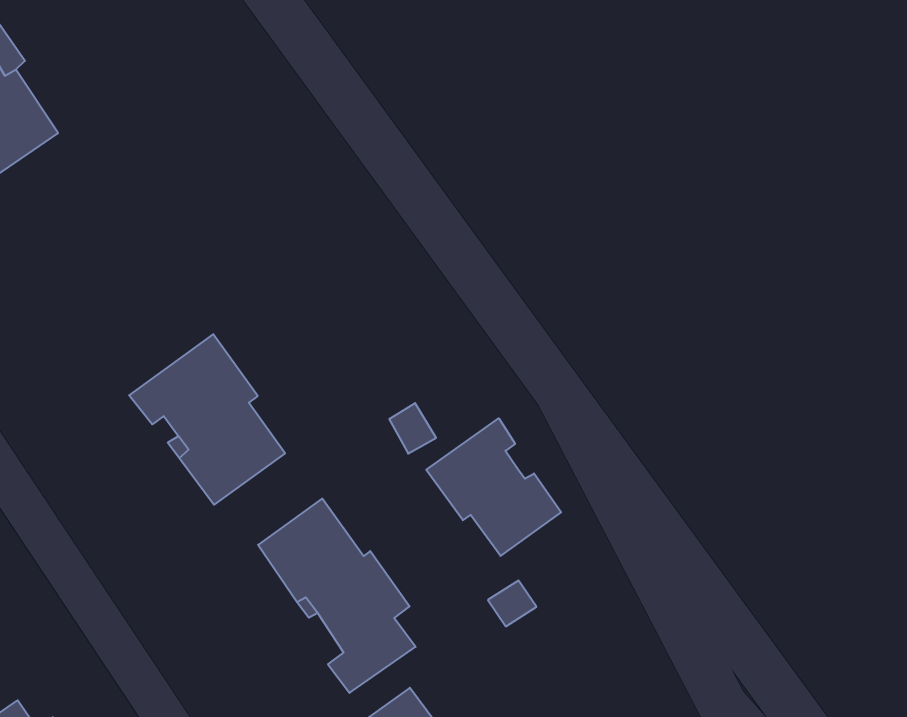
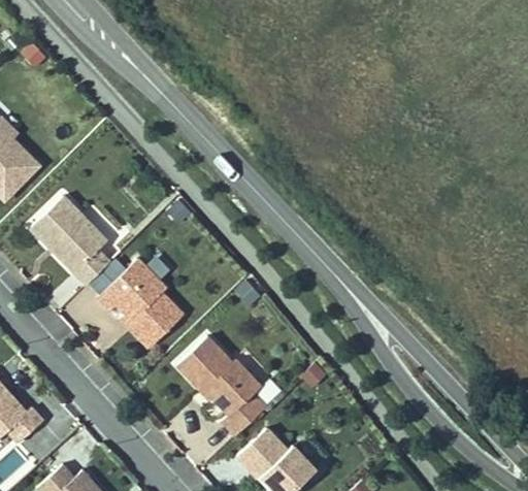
building: none -> [30,197,108,285]
building: [426,418,561,556] -> none

